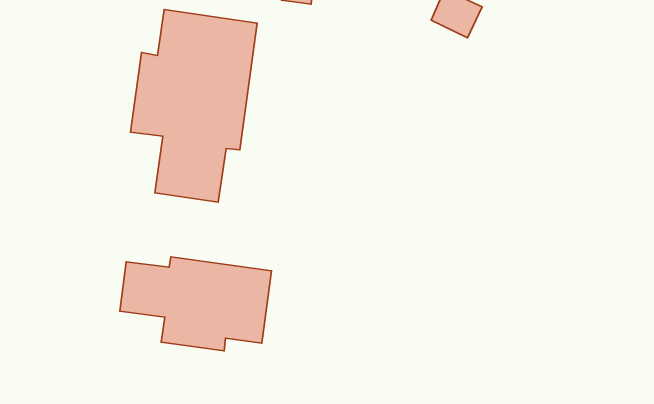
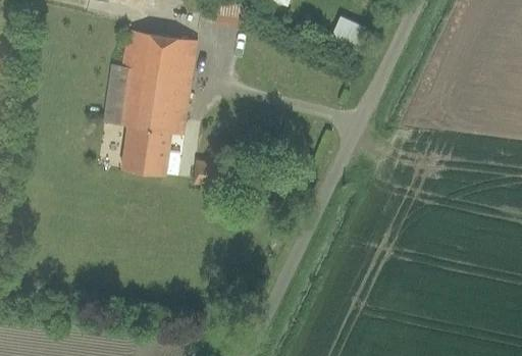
building: [120,257,271,351] -> none

